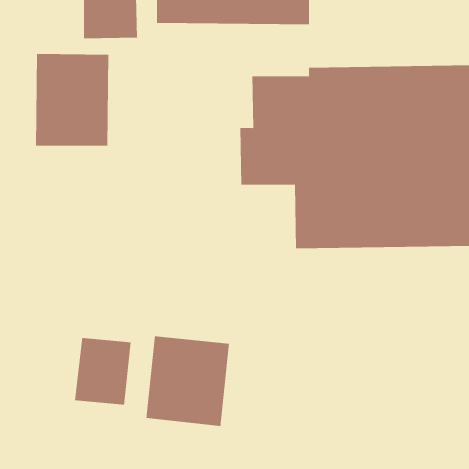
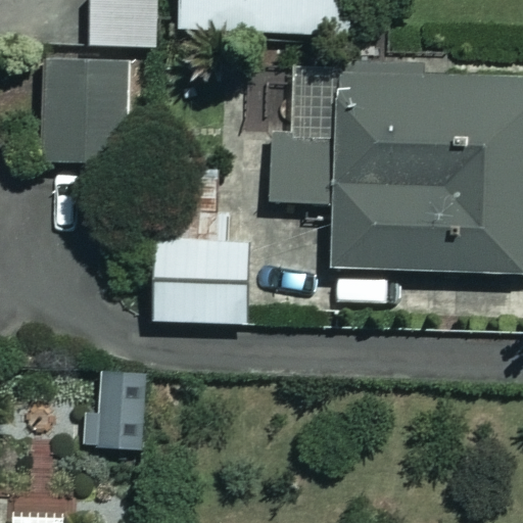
building: none -> [150,235,250,321]
building: [146,336,229,427] -> none

